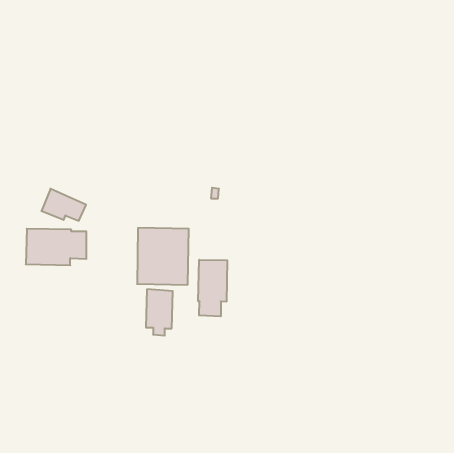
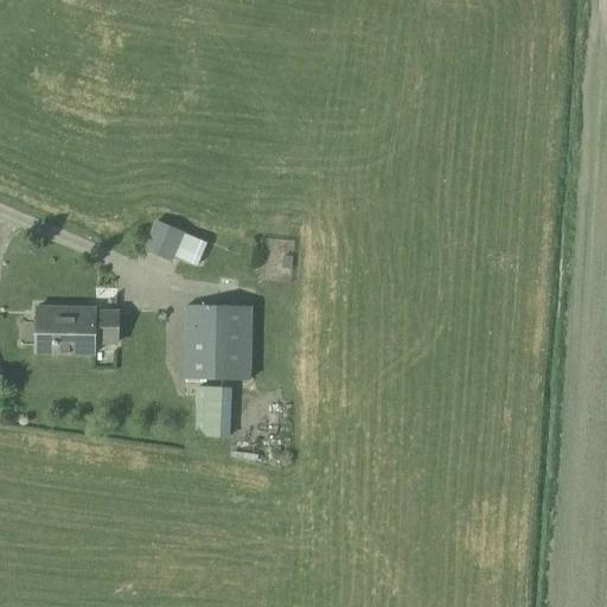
building: [41,189,86,221] -> [143,219,203,262]
building: [198,260,227,316] -> none

